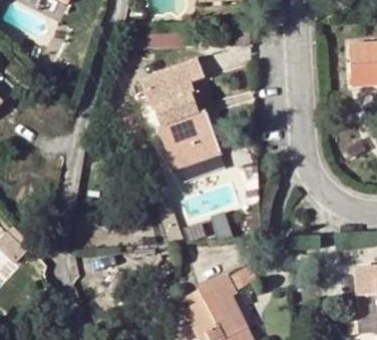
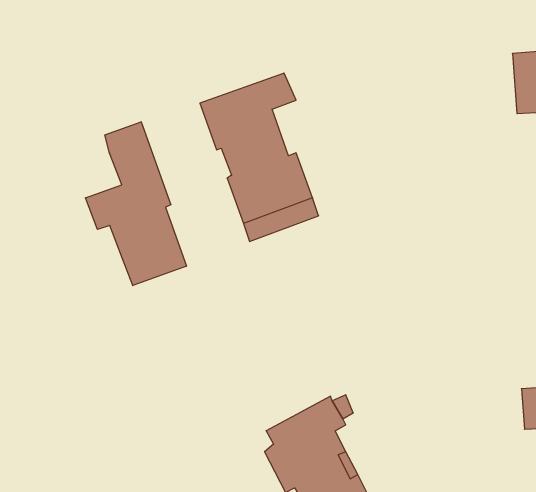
building: none -> [85,122,186,286]

